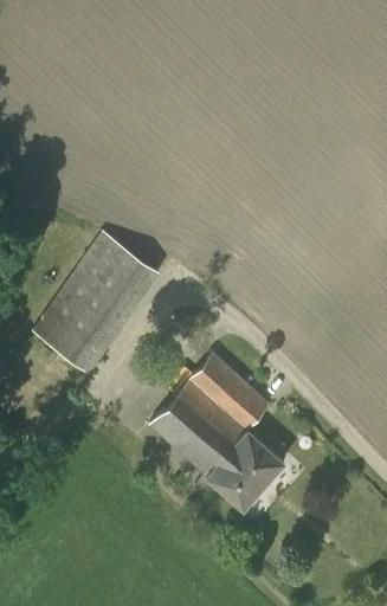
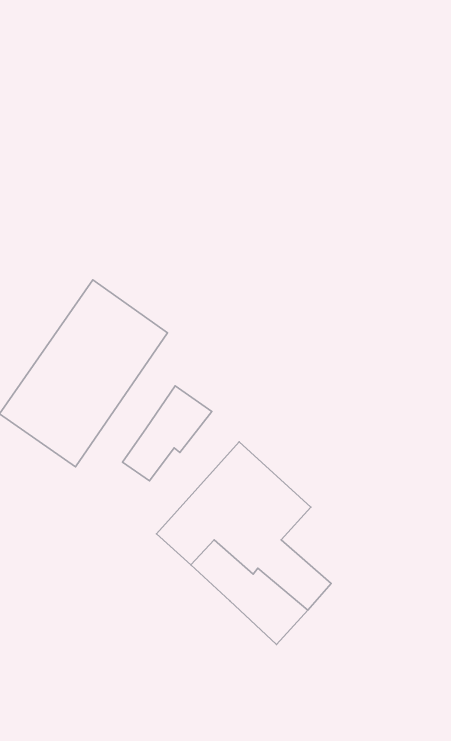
building: none -> [122,386,212,481]

